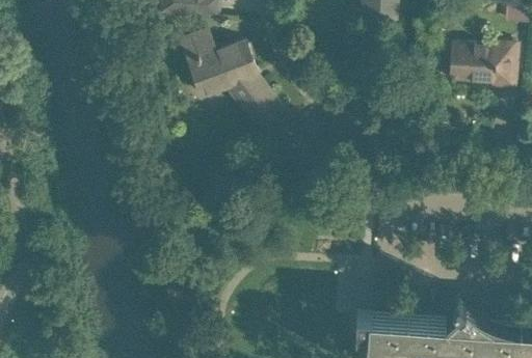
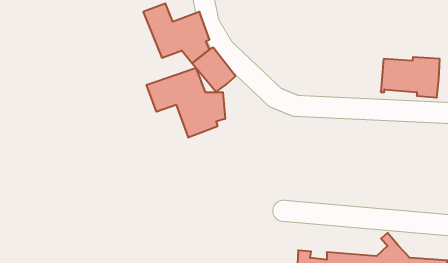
building: [450,44,516,89] -> [381,57,440,98]
building: none -> [147,68,225,138]

